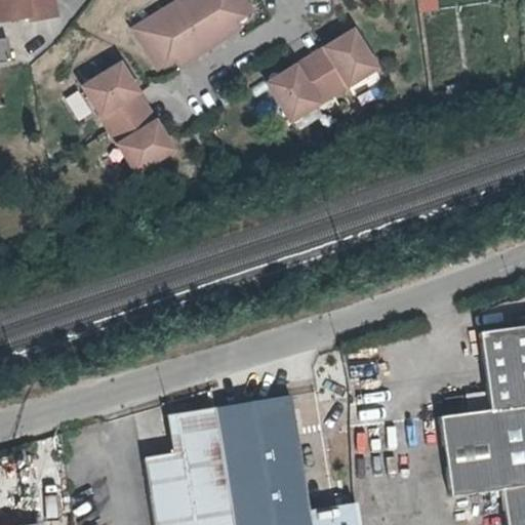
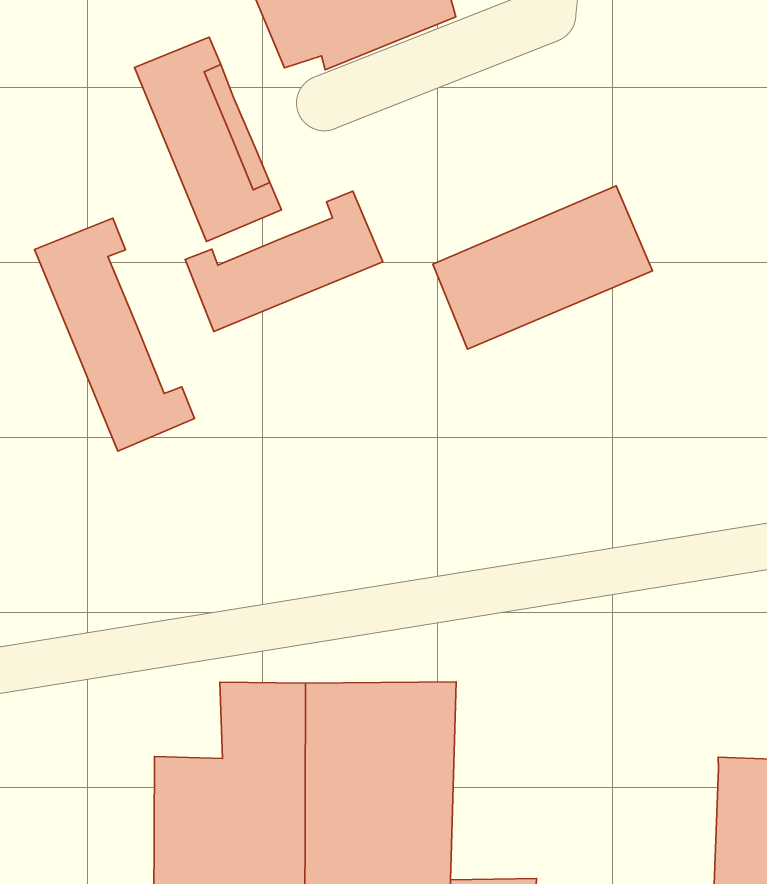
building: [267,28,382,125] -> [433,186,652,349]
building: none -> [185,191,383,332]
building: none -> [34,218,195,451]

